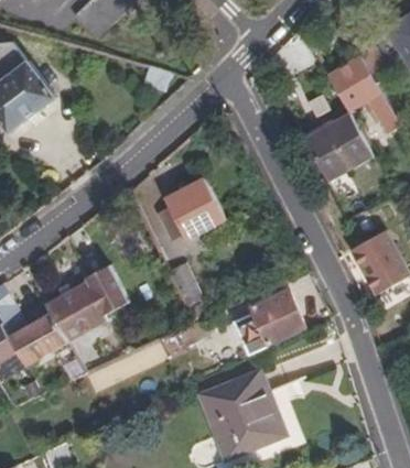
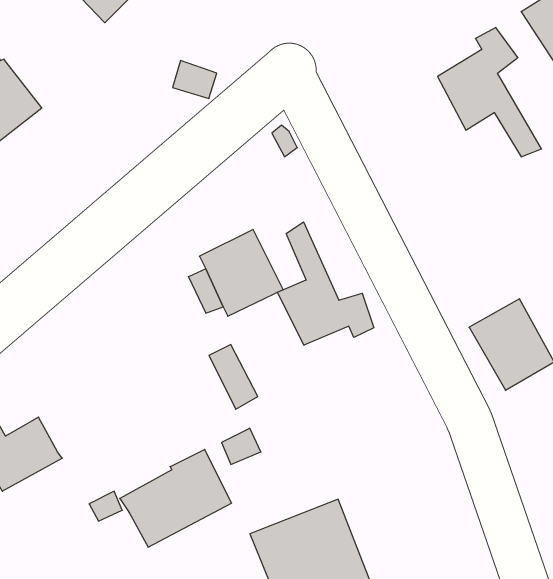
building: [305,113,371,179] -> none
building: none -> [277,222,374,345]
building: [43,269,121,337] -> [120,449,232,547]
building: [247,286,307,347] -> none

